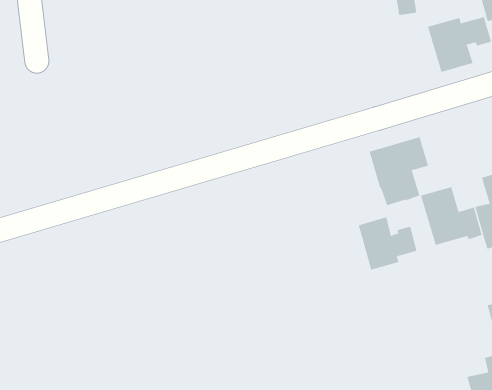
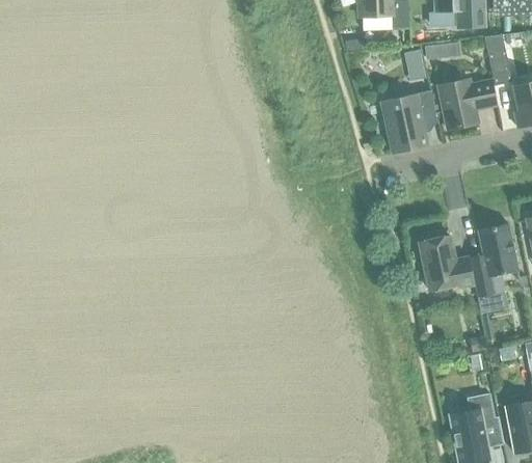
building: [369,136,429,206] -> [381,90,436,153]
building: [358,217,417,271] -> none

